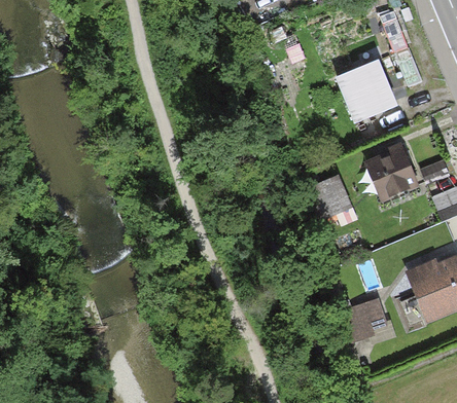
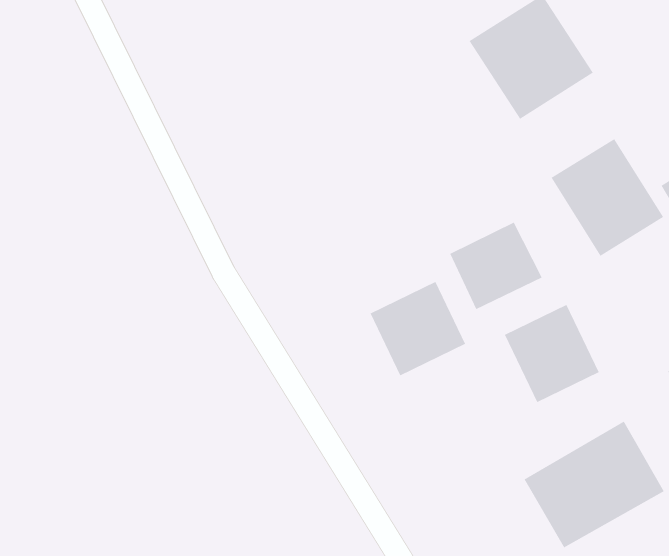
building: none -> [369,281,466,377]
building: none -> [504,304,600,403]

